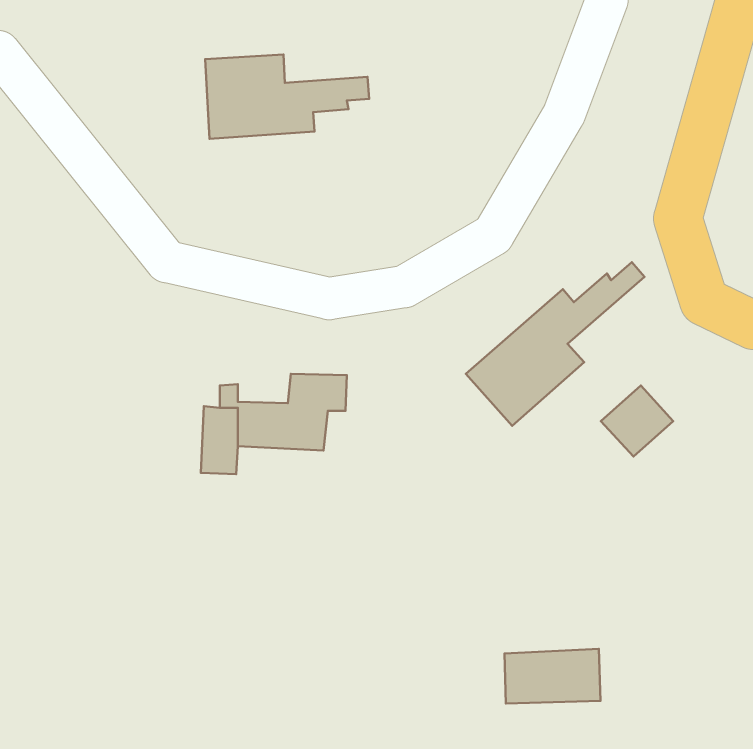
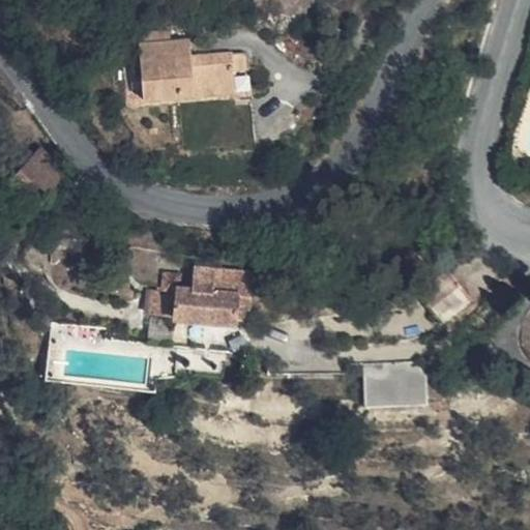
building: [466,262,644,426] -> none
building: [504,649,600,704] -> [361,369,429,407]

